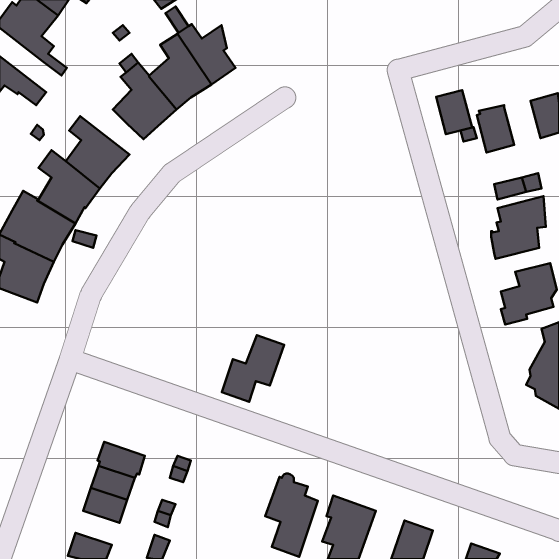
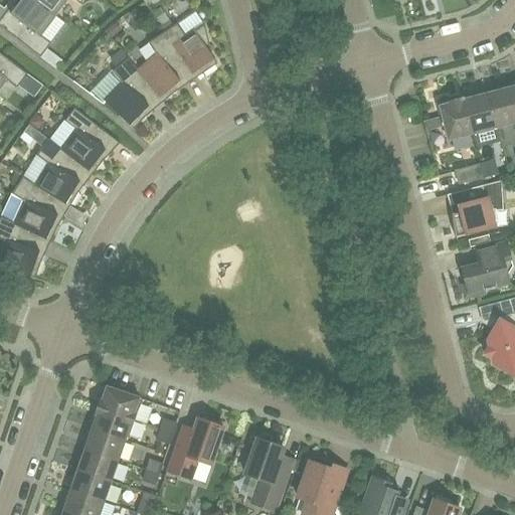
building: [436,90,472,134] -> [463,93,496,133]
building: [222,335,284,402] -> [165,417,222,479]
building: none -> [96,385,139,418]
building: none -> [69,469,110,500]

